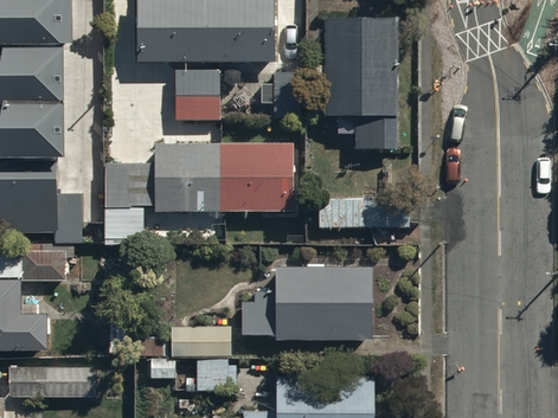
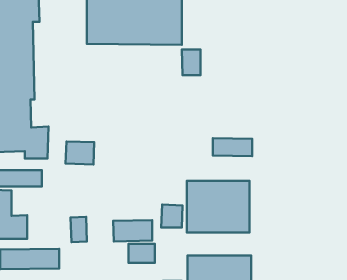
building: [320,26,393,152] -> none
building: [173,76,219,123] -> none
building: [156,142,291,208] -> none
building: [107,162,149,210] -> none

